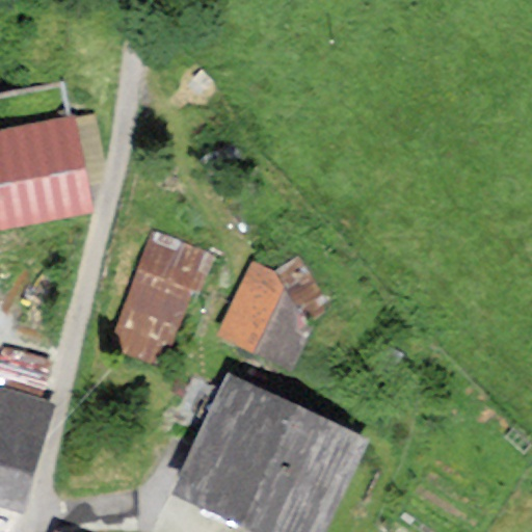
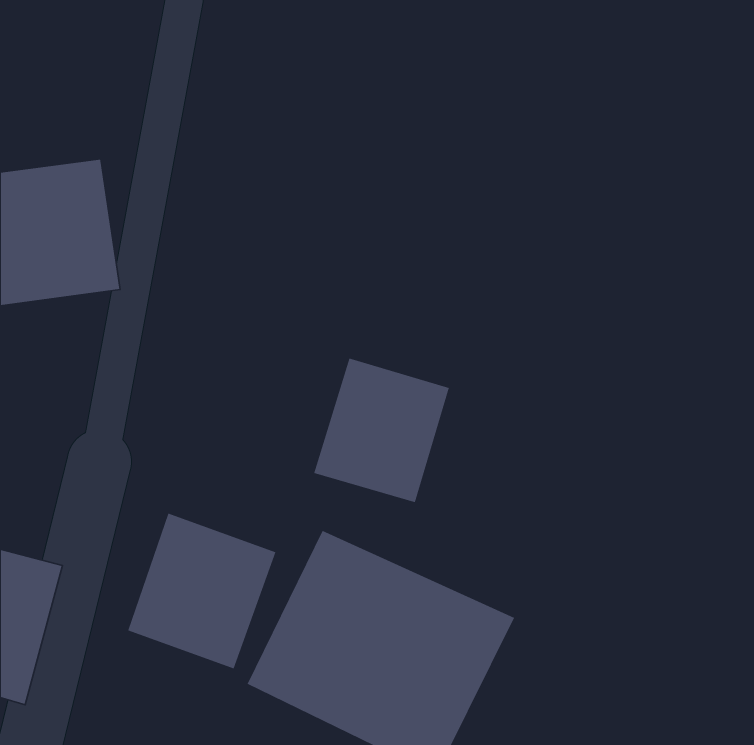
building: [111,232,194,364] -> none
building: none -> [127,512,276,669]

